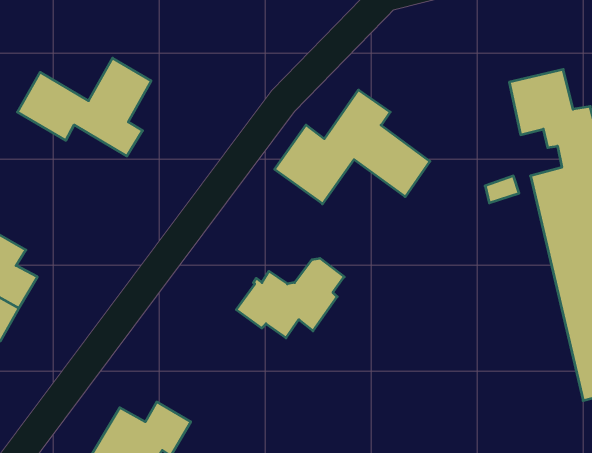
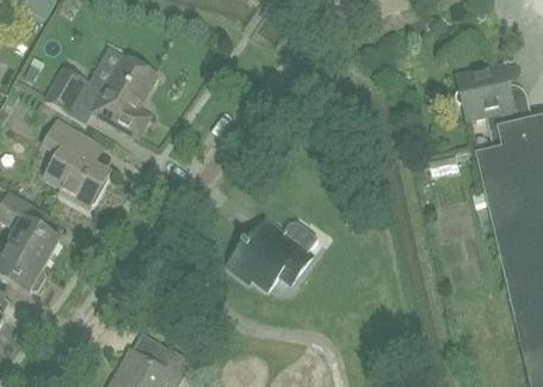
building: [275,90,430,204] -> none
building: none -> [44,118,111,207]

